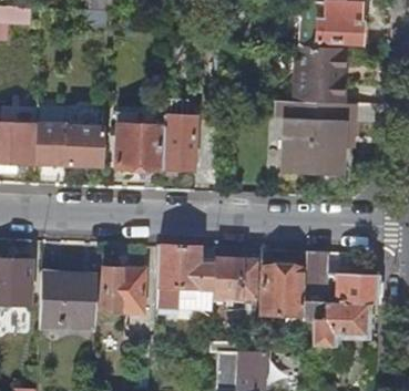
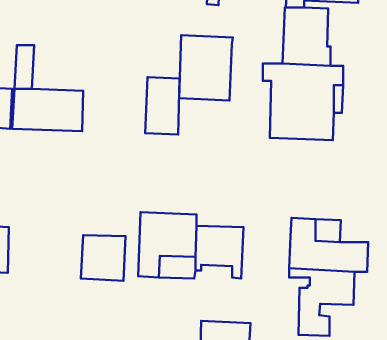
building: [115,105,167,168] -> [179,35,233,100]
building: [260,267,305,315] -> none
building: [40,272,96,325] -> none

